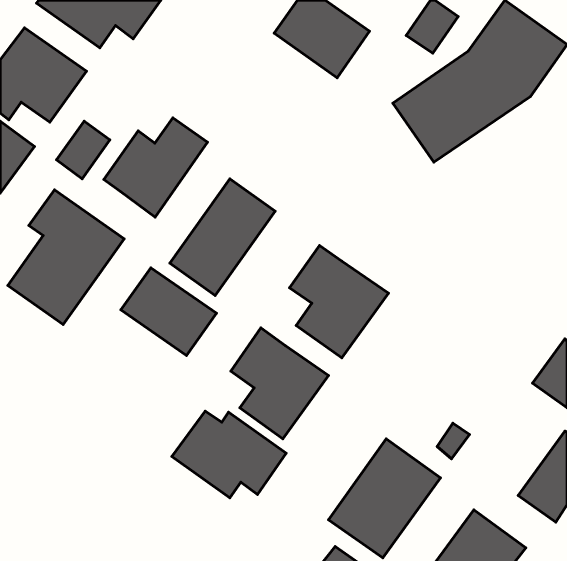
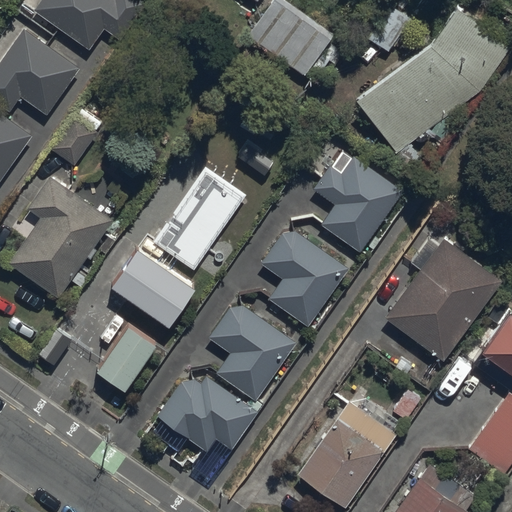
building: [104,118,208,217] -> none
building: none -> [310,157,403,254]
building: none -> [384,239,501,363]
building: none -> [93,323,155,390]

